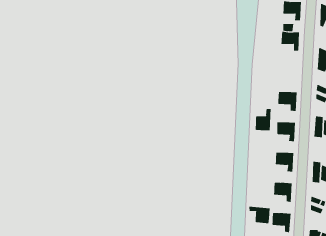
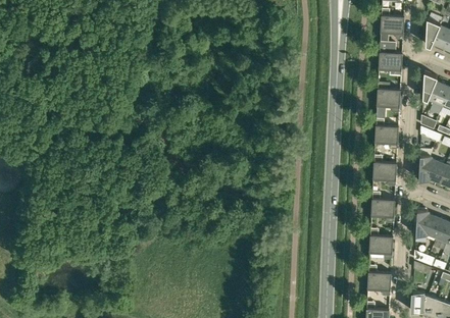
building: none -> [377,89,401,113]
building: [255,108,271,131] -> none
building: [249,206,270,224] -> none

